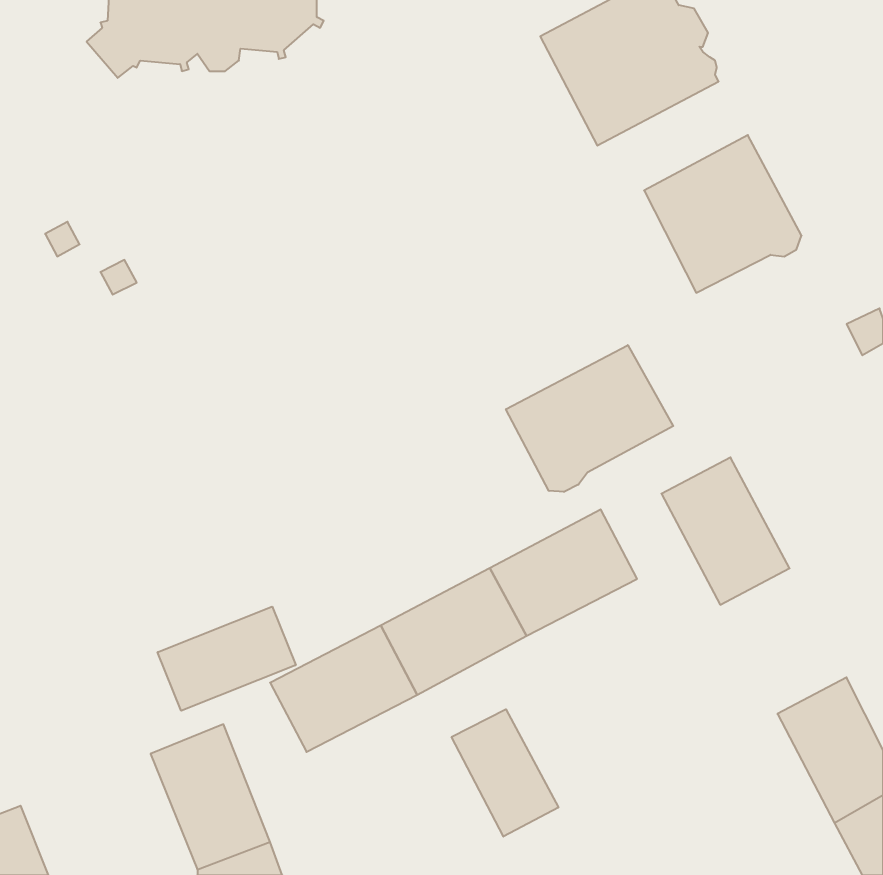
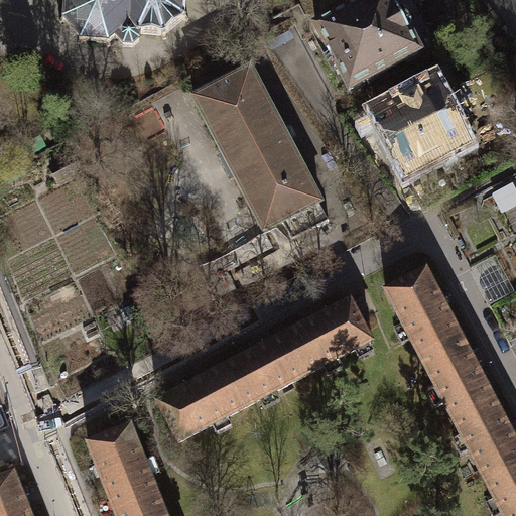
building: none -> [192,63,329,227]
building: [506,345,673,492] -> none
building: none -> [419,331,493,415]
building: [158,607,296,711] -> none
building: [452,709,558,837] -> none

